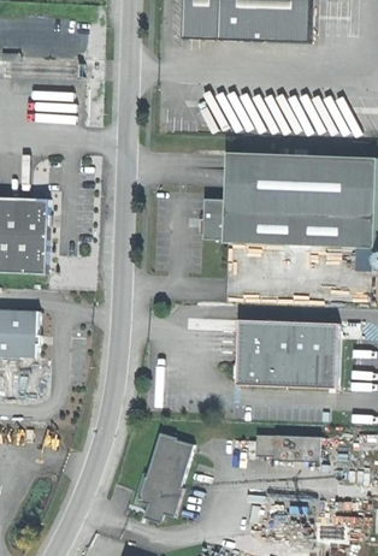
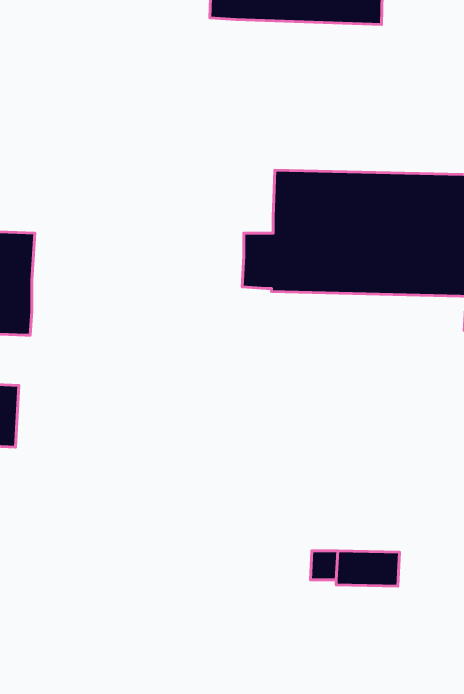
building: [235,320,336,389] -> none
building: [137,434,191,520] -> none

